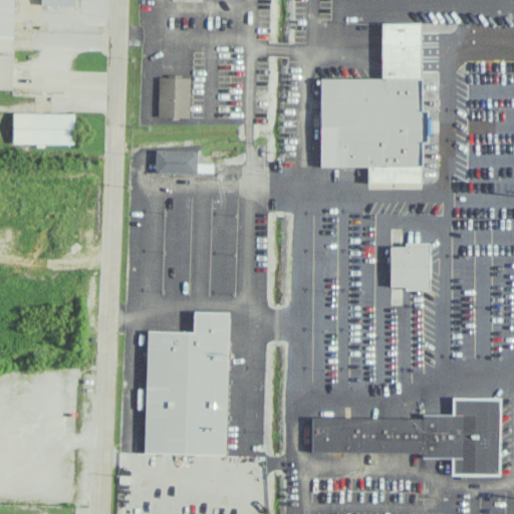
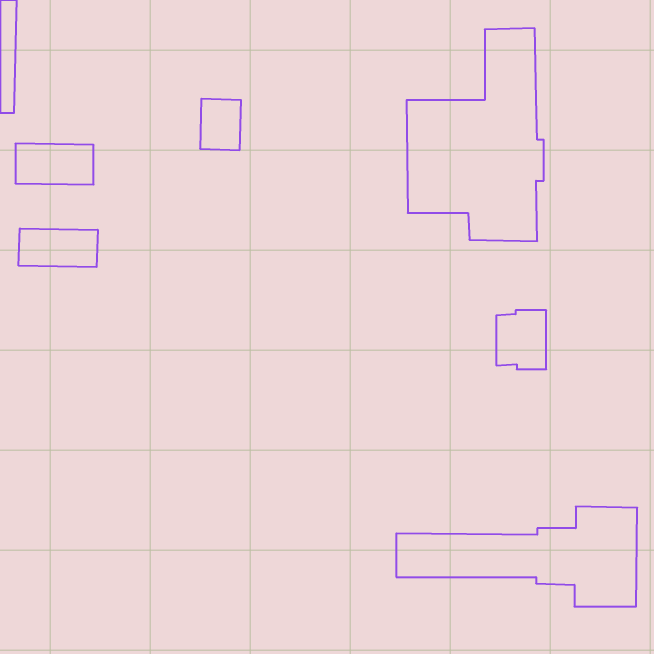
building: [156,151,198,175] -> none
building: none -> [19,228,98,267]
building: [144,312,229,455] -> none

